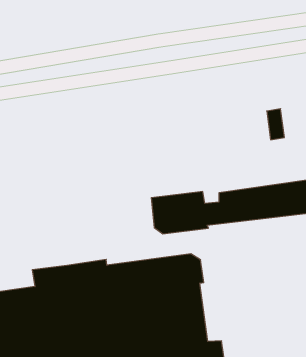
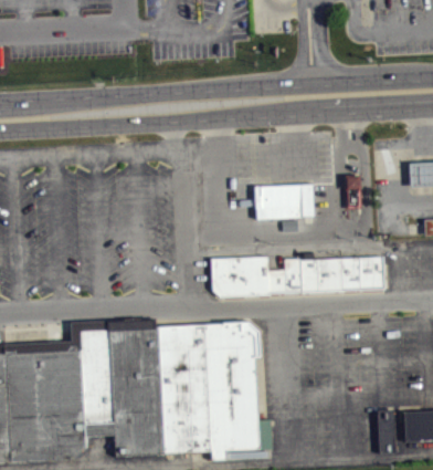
building: none -> [257,189,316,224]

